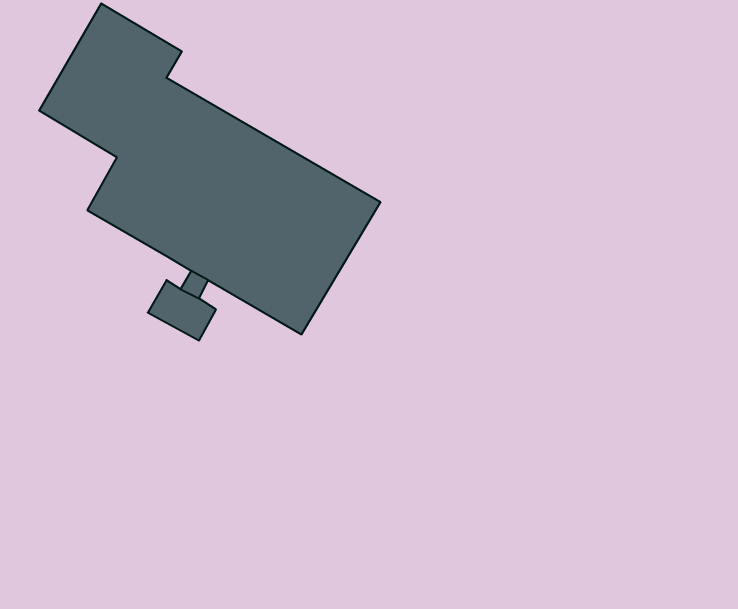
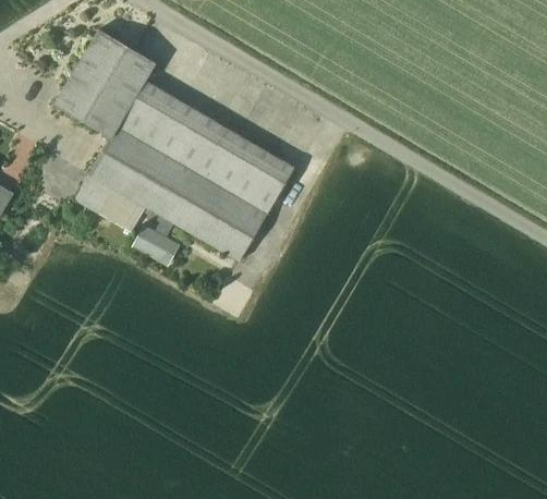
building: none -> [71,173,146,238]

